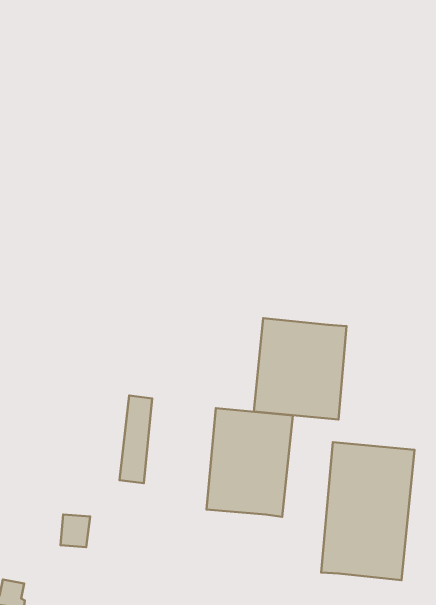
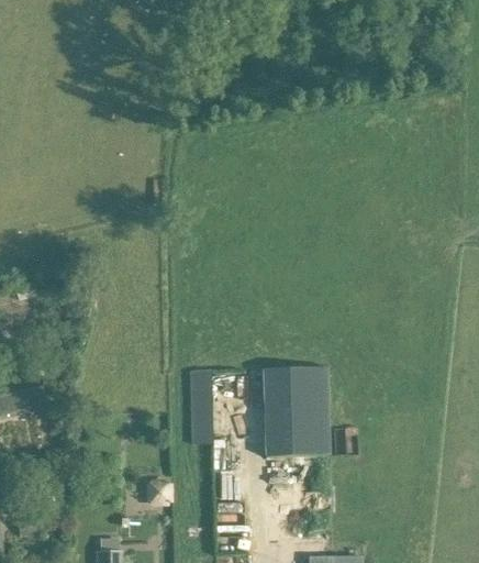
building: [254,318,347,419] -> none
building: [321,442,414,580] -> none

